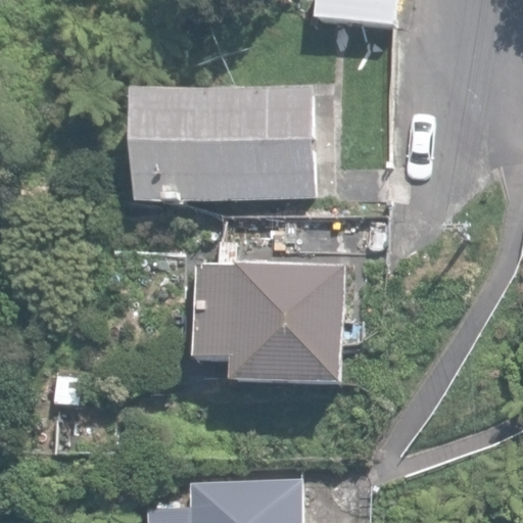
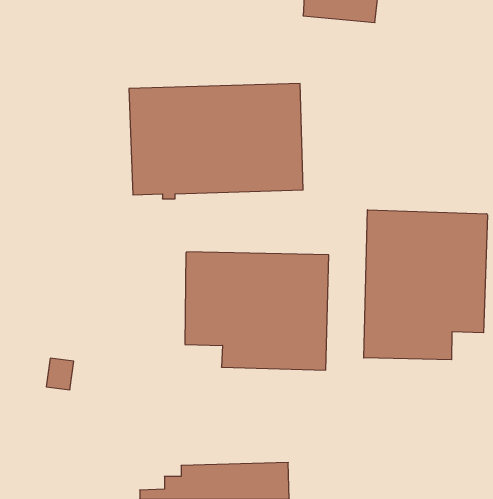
building: none -> [364,210,488,360]

